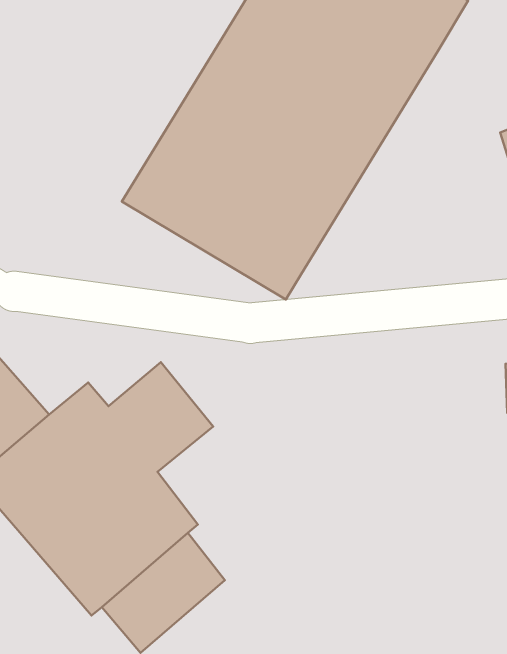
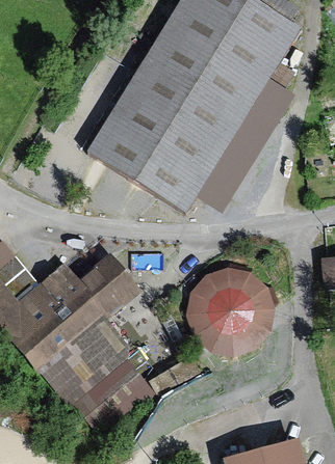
building: none -> [197,61,295,214]
building: none -> [188,267,275,353]

